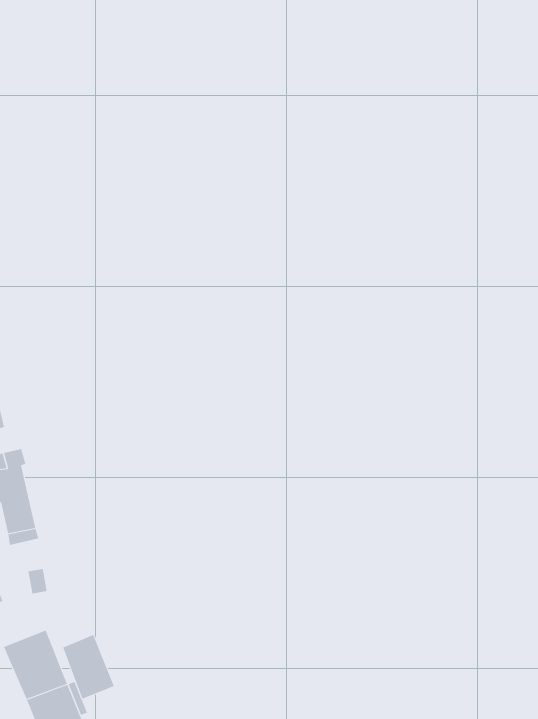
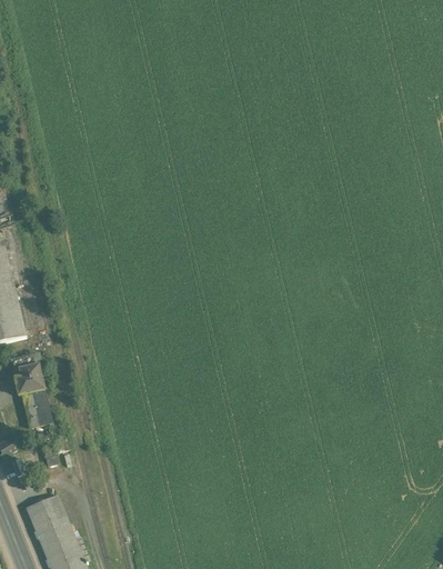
building: [63,634,115,699] -> none

